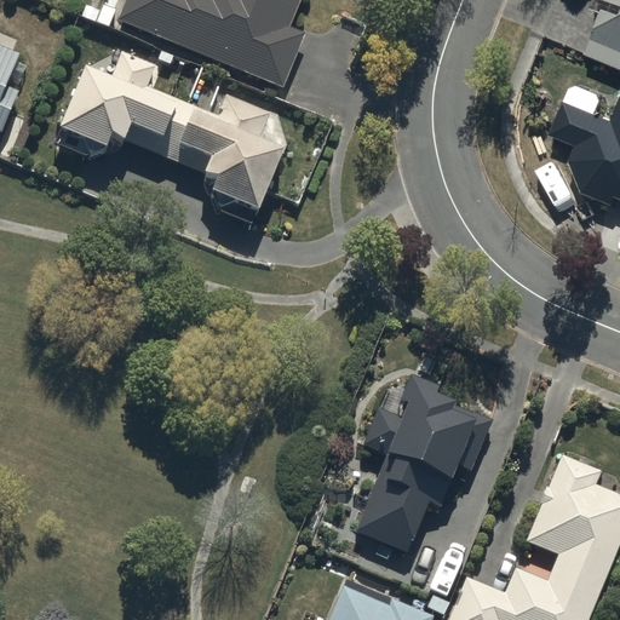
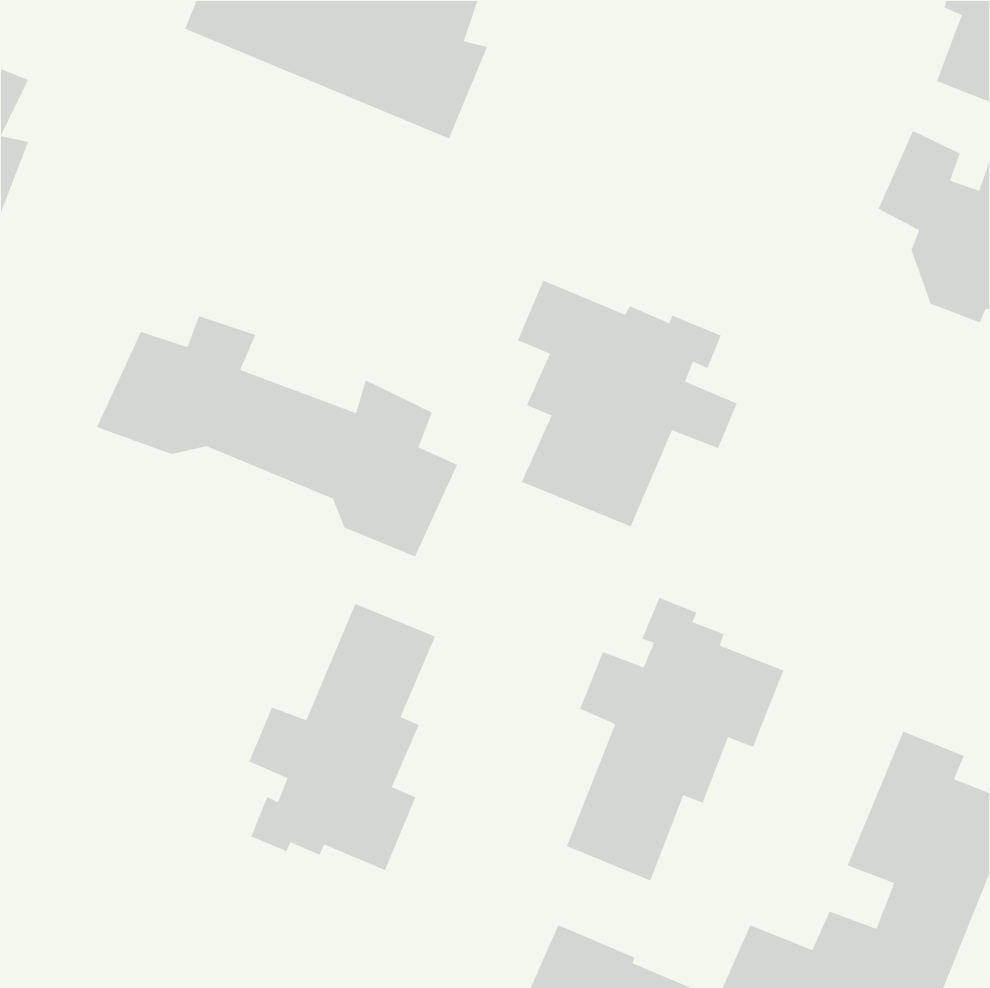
building: [56,53,282,205] -> [96,315,458,557]
building: none -> [517,279,738,527]
building: none -> [248,603,436,871]

